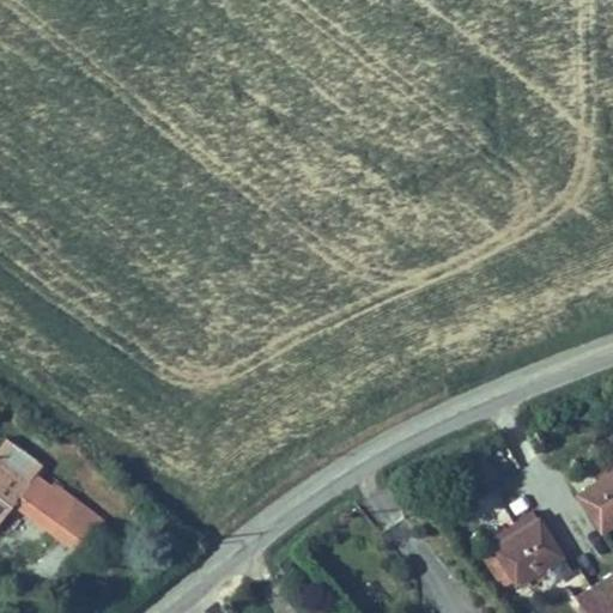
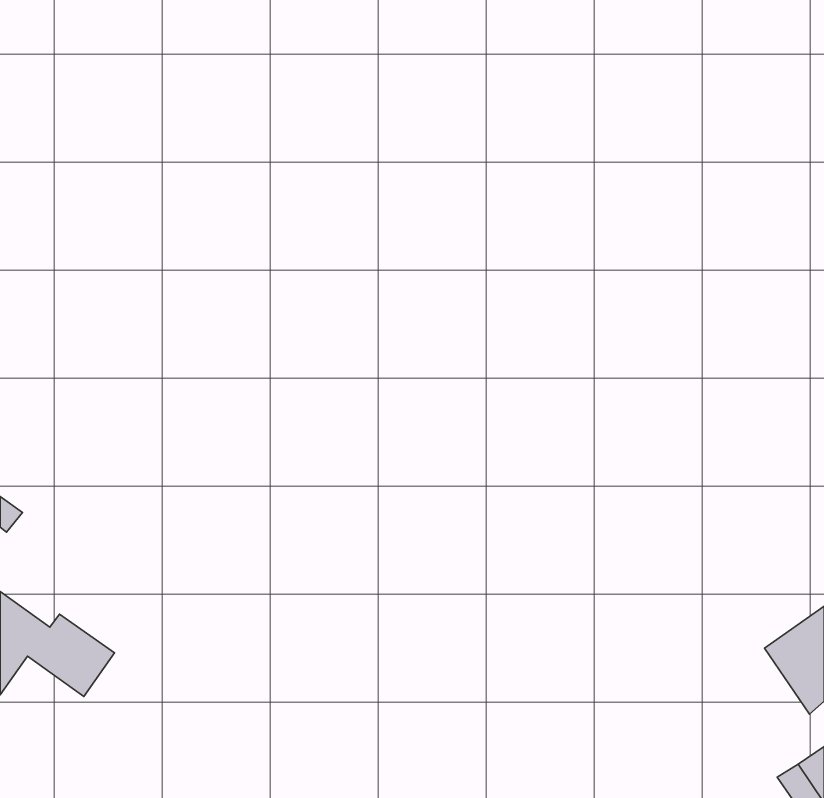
building: [494,517,566,585] -> none

